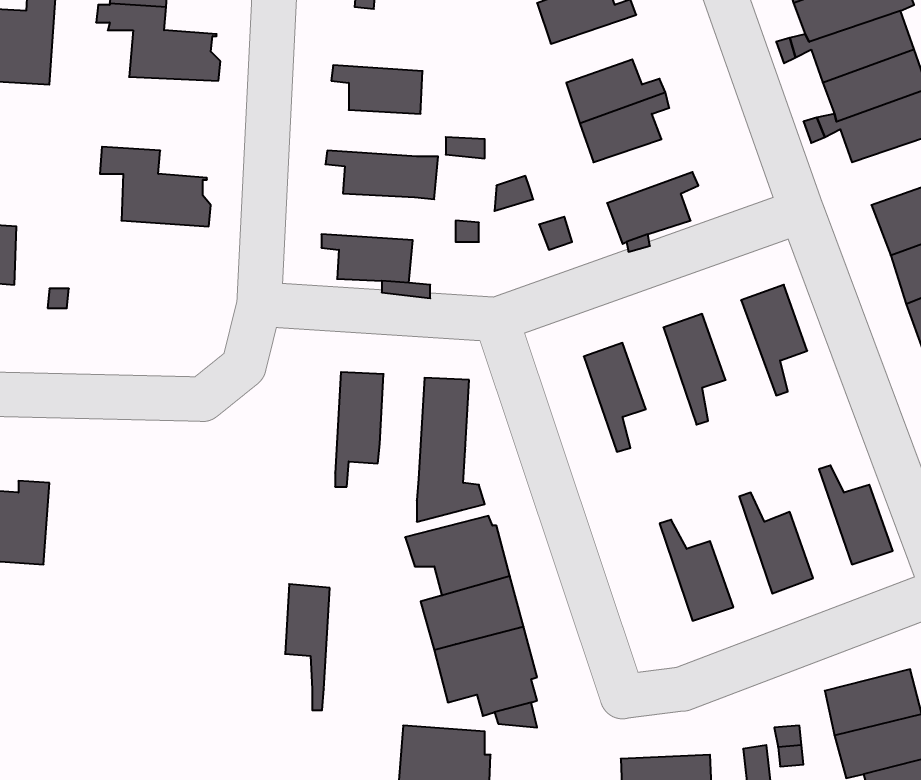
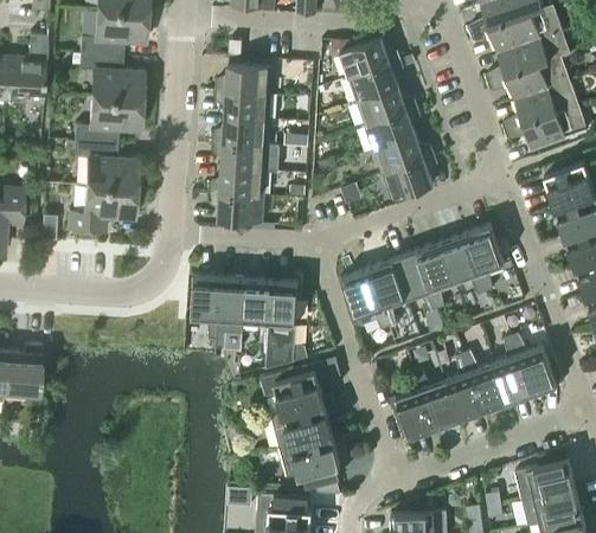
building: none -> [348,59,404,101]
building: none -> [216,64,271,94]
building: none -> [75,97,146,142]
building: none -> [212,117,269,146]
building: none -> [374,135,435,174]
building: none -> [209,168,265,197]
building: none -> [69,185,140,231]
building: none -> [441,233,486,295]
building: none -> [392,250,437,312]
building: none -> [344,268,389,328]
building: none -> [191,276,220,339]
building: none -> [494,336,532,403]
building: none -> [446,353,483,420]
building: none -> [396,370,435,437]
building: [285,584,330,710] -> [244,278,271,355]

